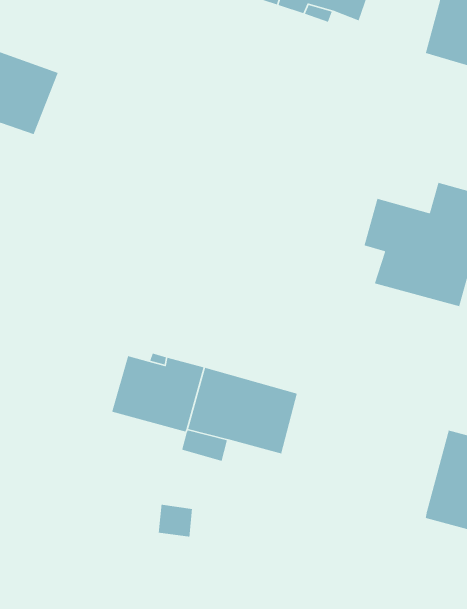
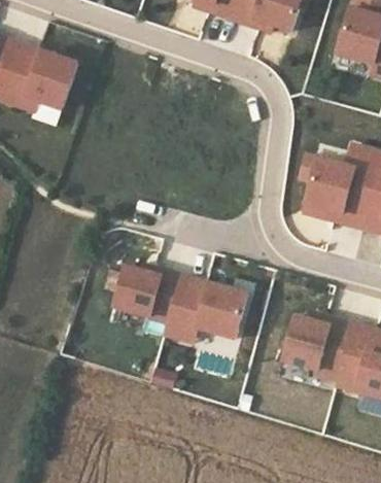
building: none -> [284,312,353,376]

